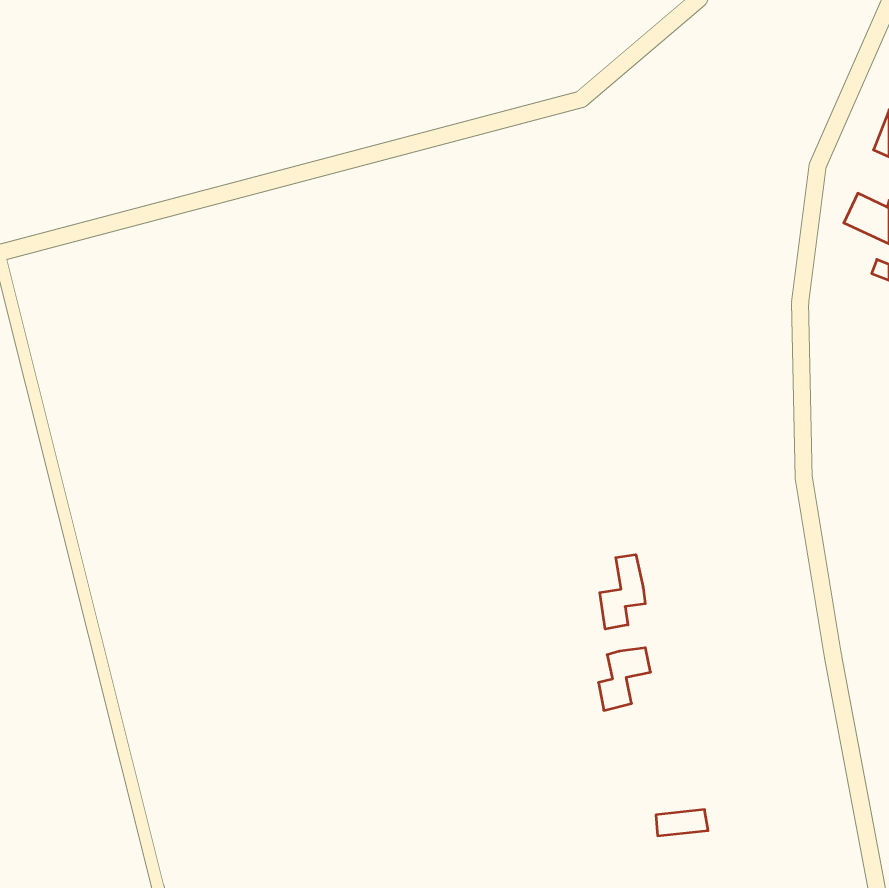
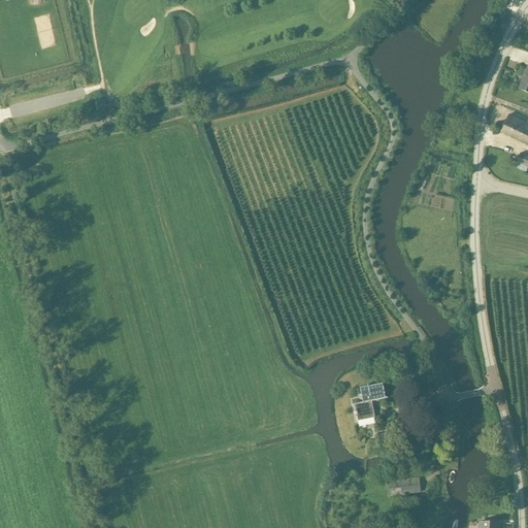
building: [600,555,645,629] -> none

